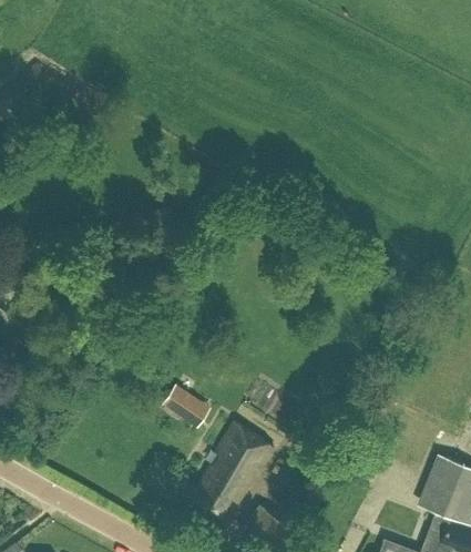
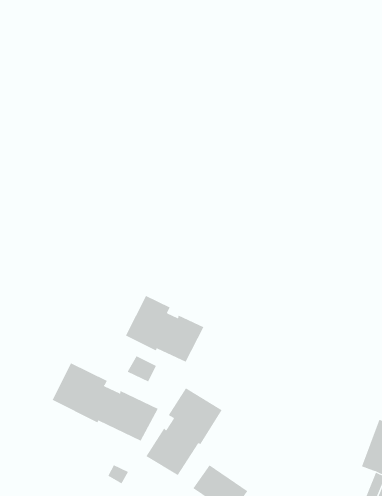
building: none -> [125,295,204,363]
building: none -> [52,363,158,442]

